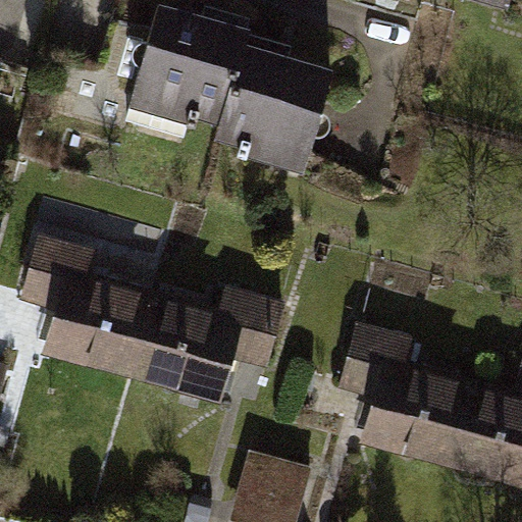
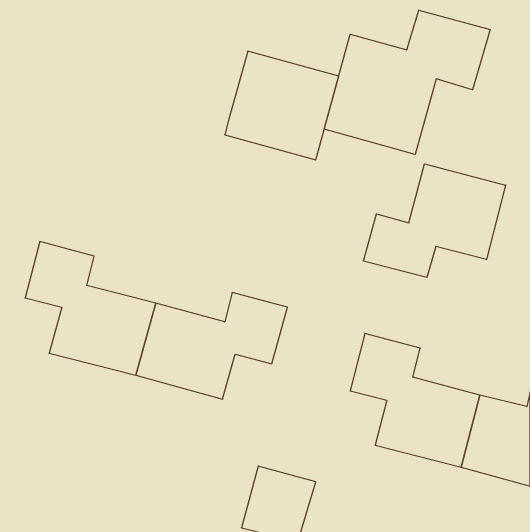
building: none -> [324,10,490,154]
building: [135,13,246,118] -> none
building: none -> [363,164,506,277]

